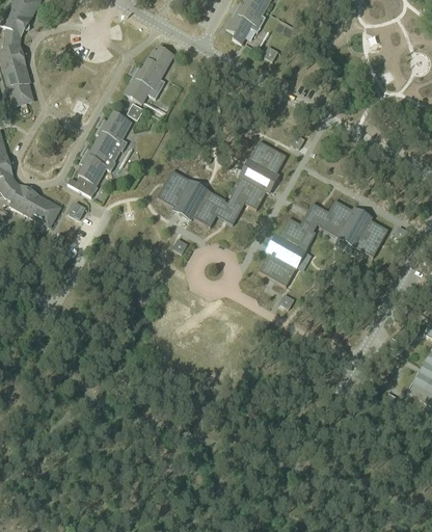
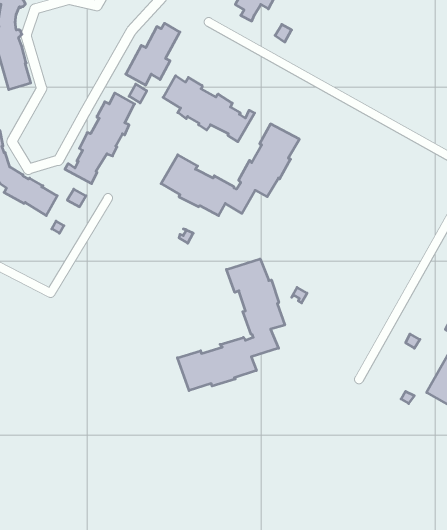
building: none -> [163,76,255,142]
building: [259,200,388,286] -> none
building: none -> [177,259,285,391]

